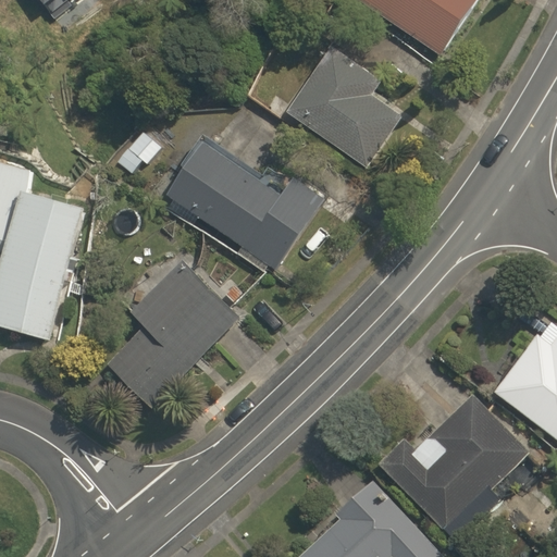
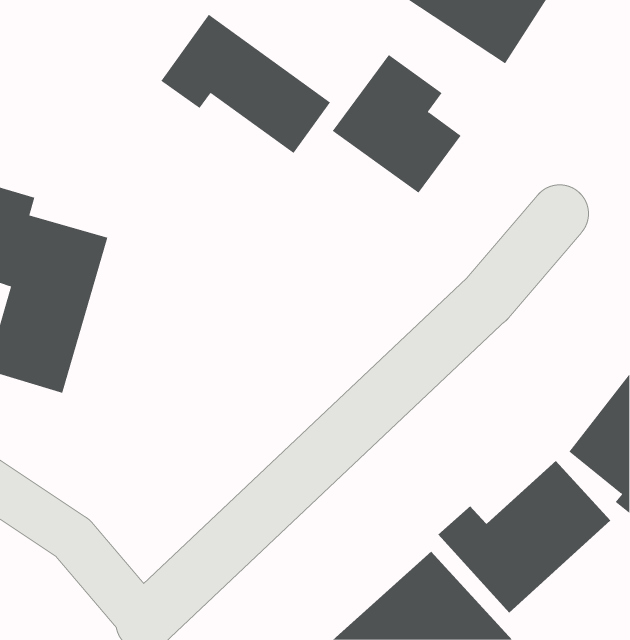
building: none -> [160,14,331,154]
building: [170,141,326,272] -> none
building: [101,264,237,410] -> none

